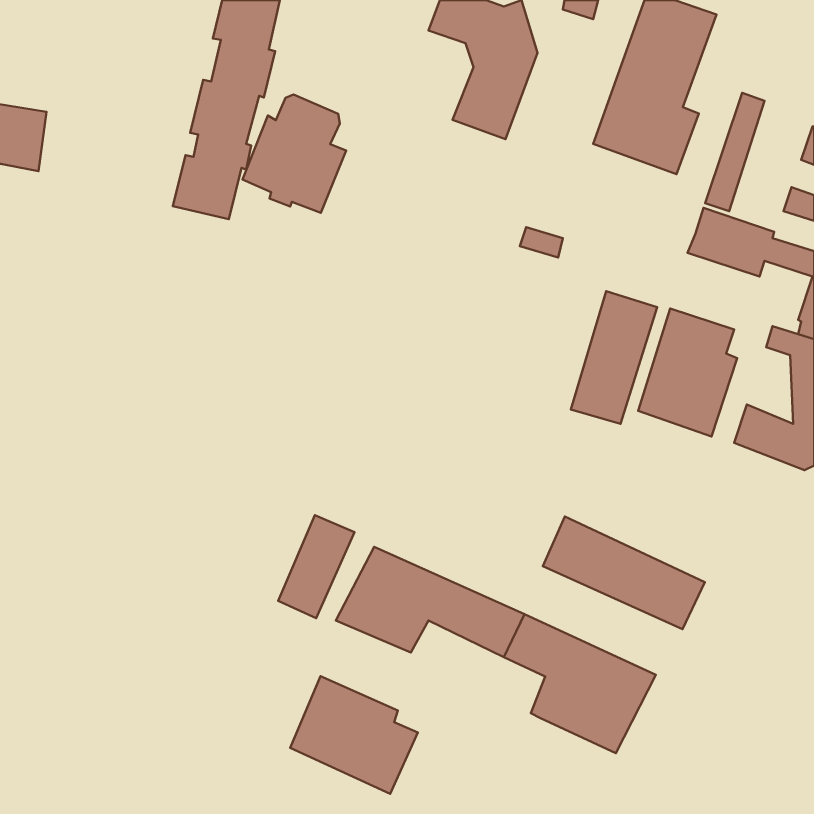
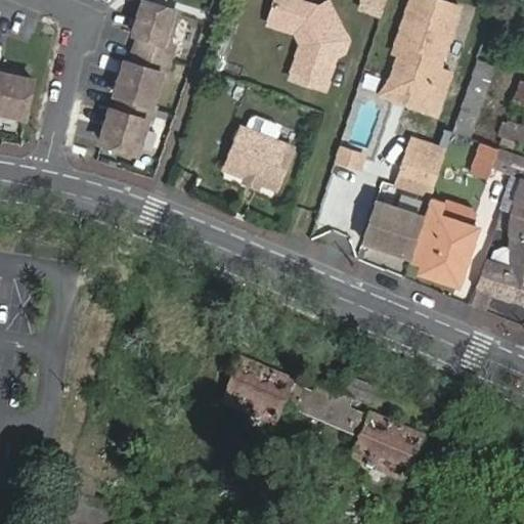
building: [242,95,346,213] -> [227,115,294,190]
building: none -> [397,140,445,200]
building: [278,515,355,618] -> none
building: [543,517,705,629] -> none
building: [290,676,418,794] -> none

